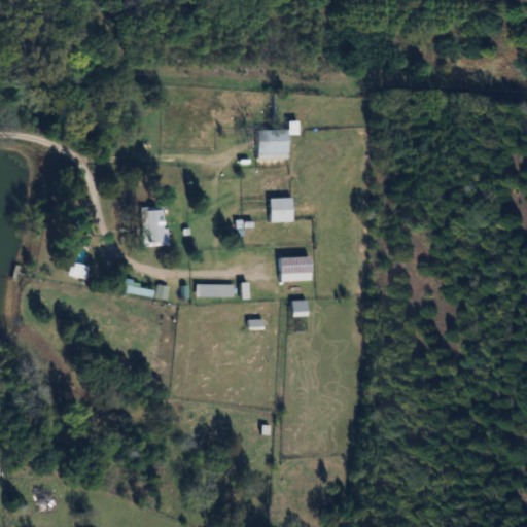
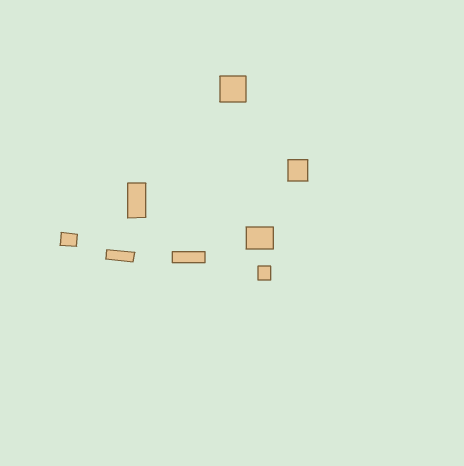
building: [258,130,288,159] -> [220,76,246,102]
building: [271,198,293,221] -> [288,160,308,181]

